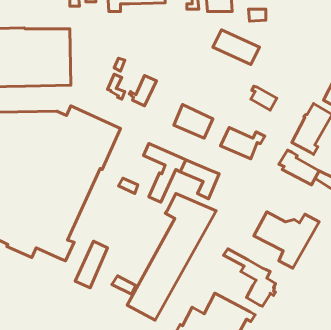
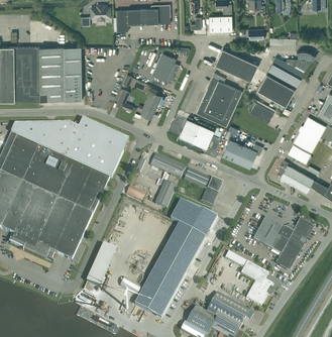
building: none -> [256,49,315,105]
building: none -> [151,51,179,82]
building: none -> [195,72,241,126]

